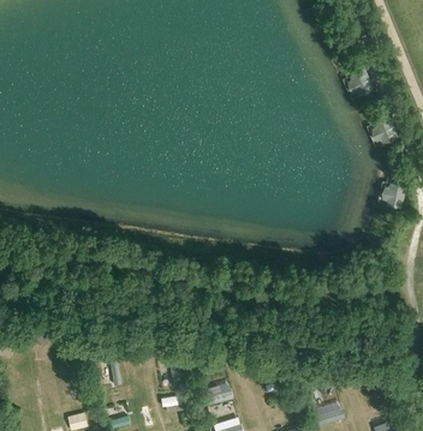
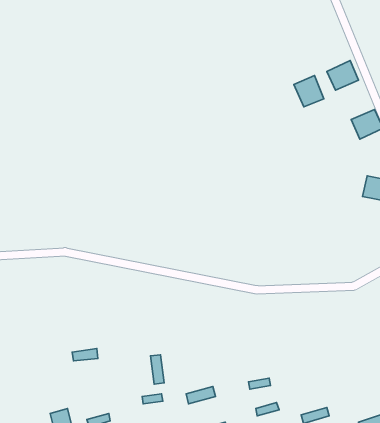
building: none -> [294,75,324,107]

